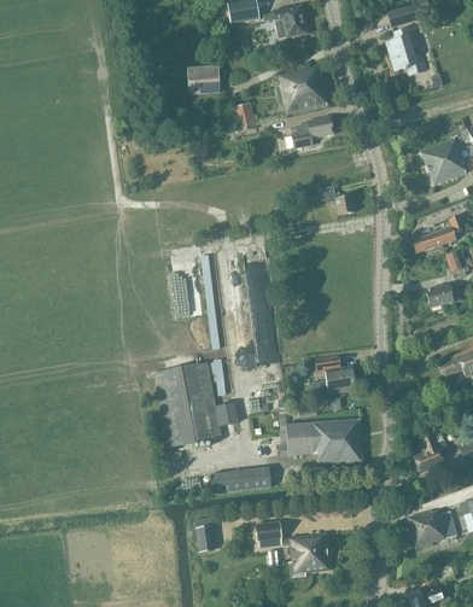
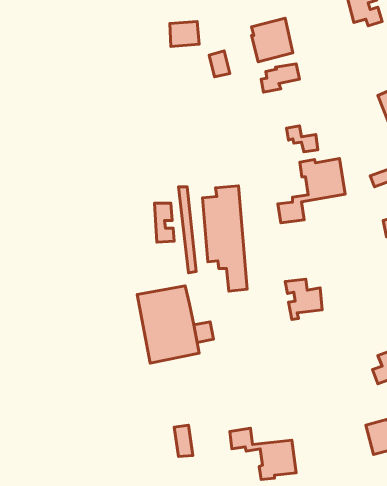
building: none -> [278,158,345,223]
building: [288,418,363,463] -> none
building: [211,467,273,492] -> none

